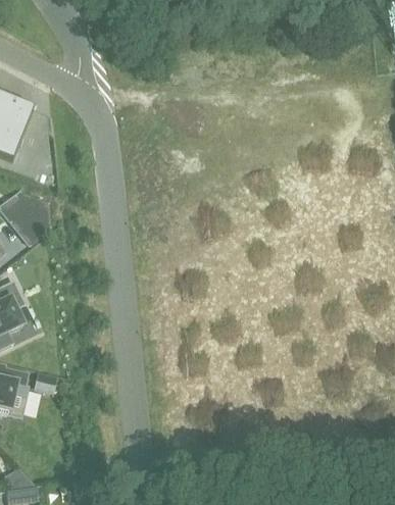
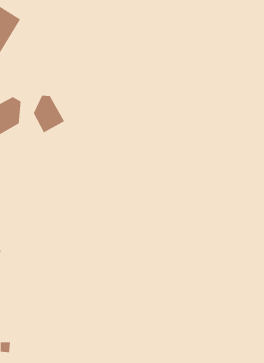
building: none -> [33,95,65,133]

